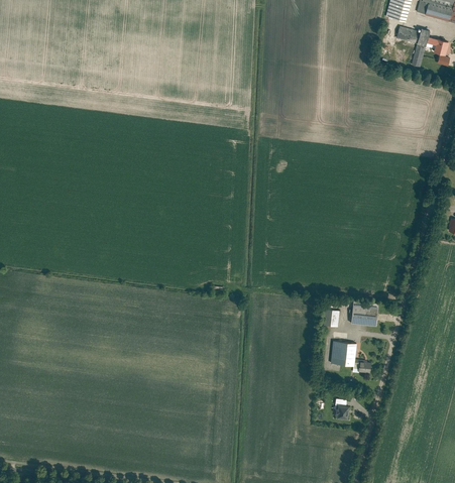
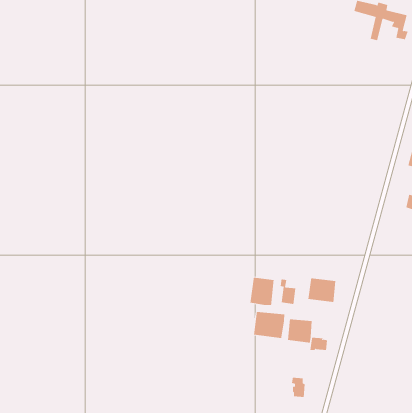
building: none -> [250,277,274,306]
building: none -> [253,311,285,339]

